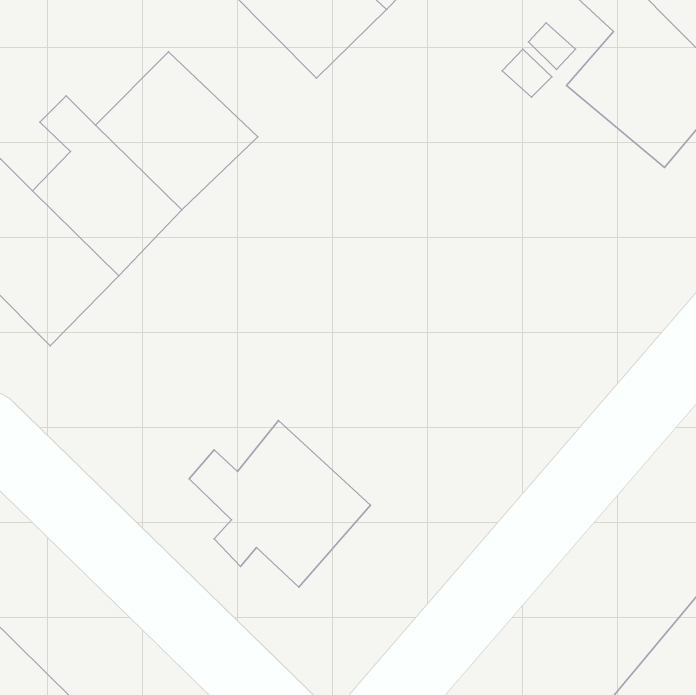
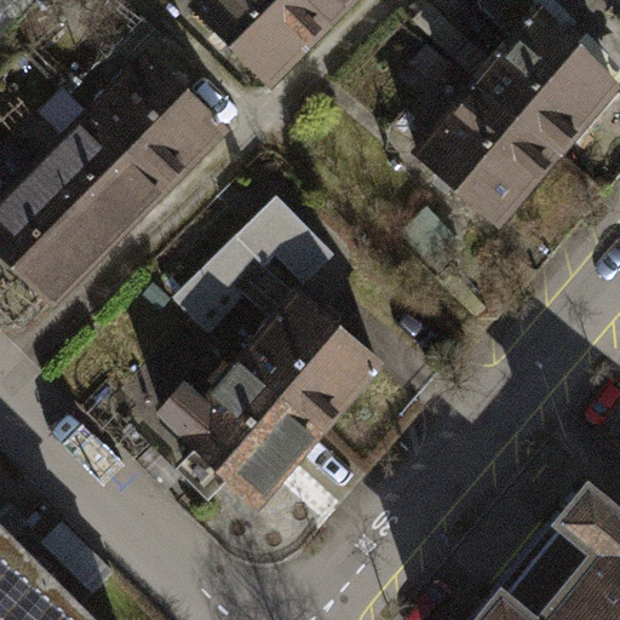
building: none -> [419,87,559,225]
building: none -> [177,200,323,325]
building: none -> [240,297,379,435]

